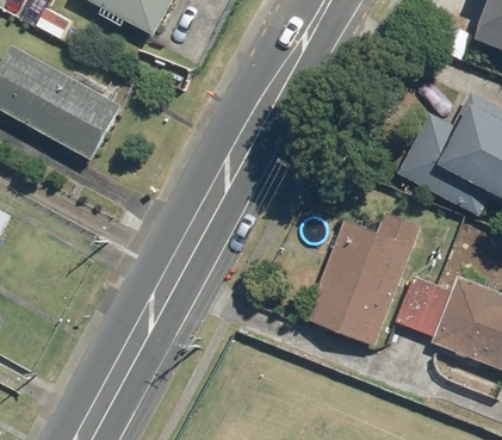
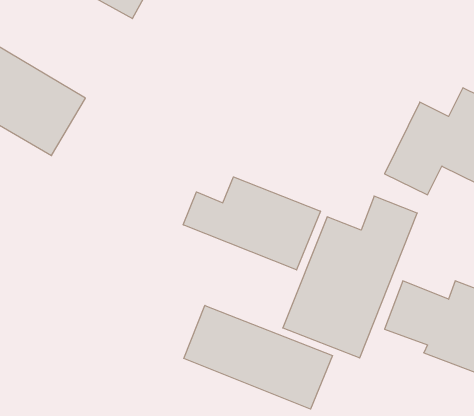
building: none -> [183,177,320,270]
building: none -> [184,305,333,409]

